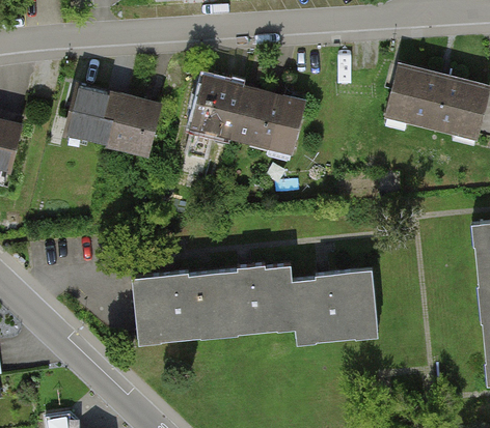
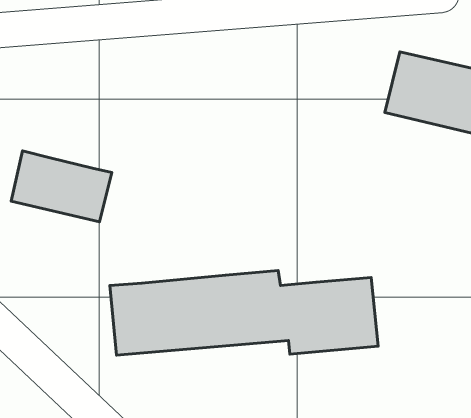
building: [187,80,304,159] -> none
building: [69,86,160,150] -> [11,151,112,222]

